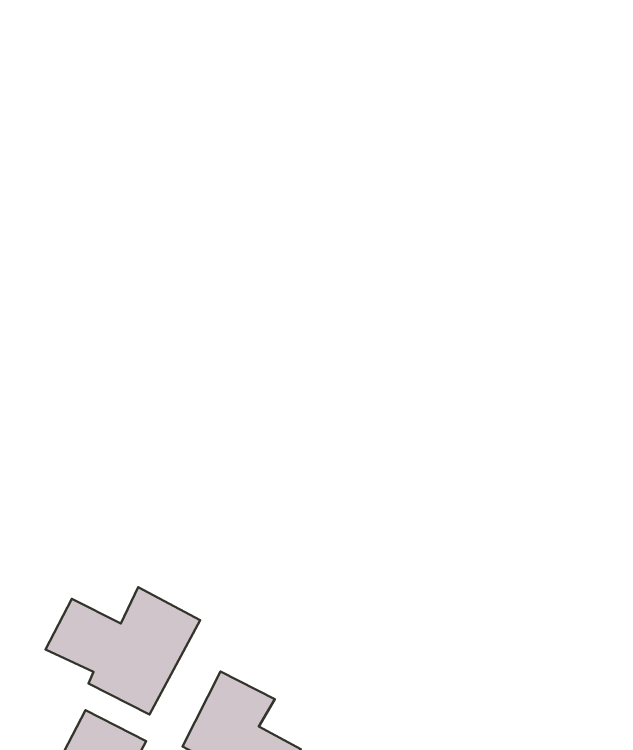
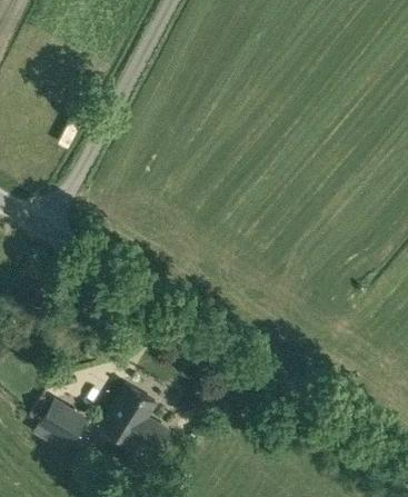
building: [45,587,200,715] -> none

